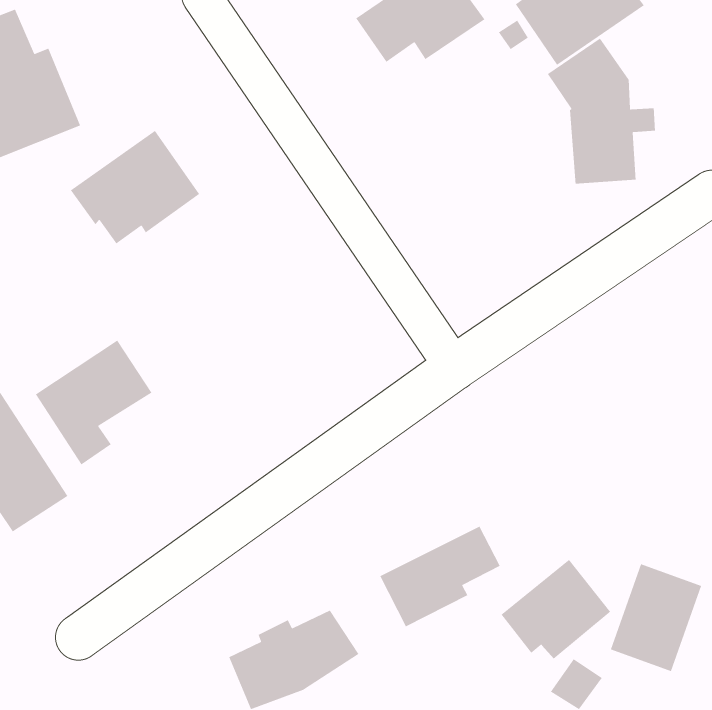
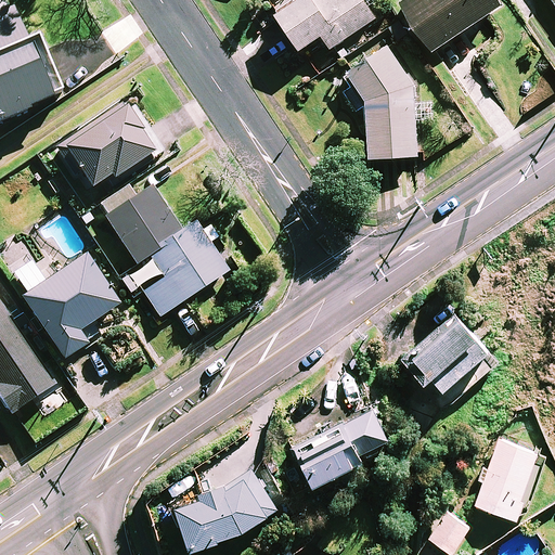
building: [547,38,656,184] -> [347,44,431,158]
building: none -> [95,184,227,317]
building: [501,559,611,659] -> [402,313,488,391]

